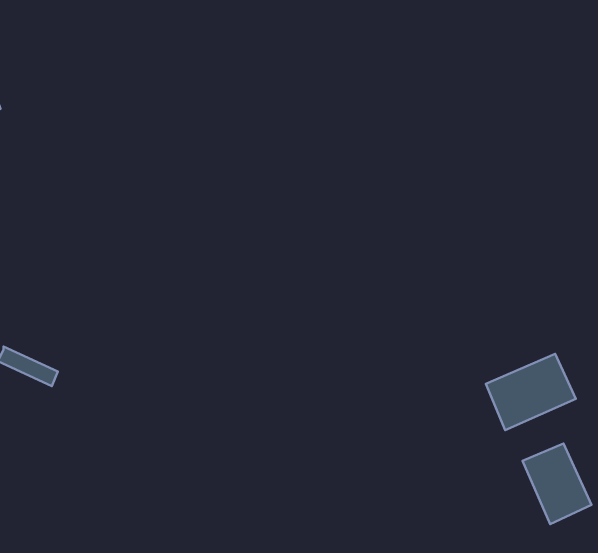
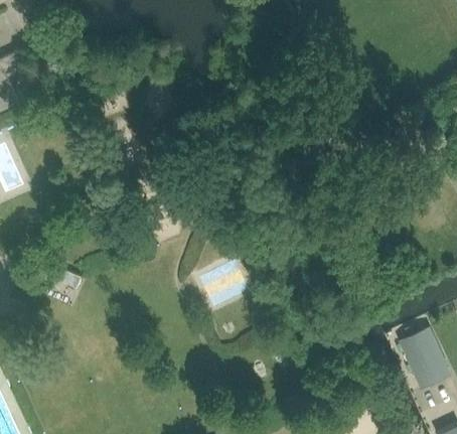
building: [486,354,576,430] -> none

